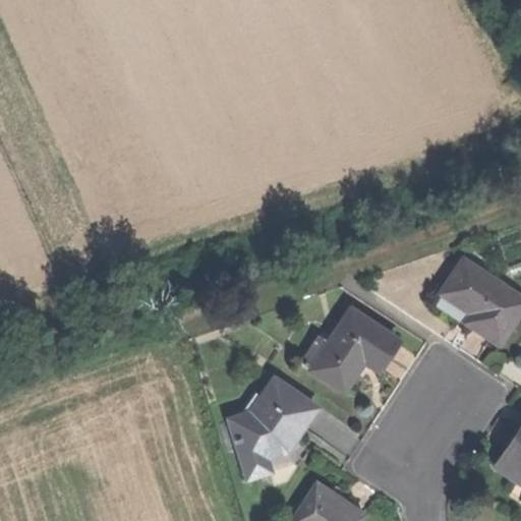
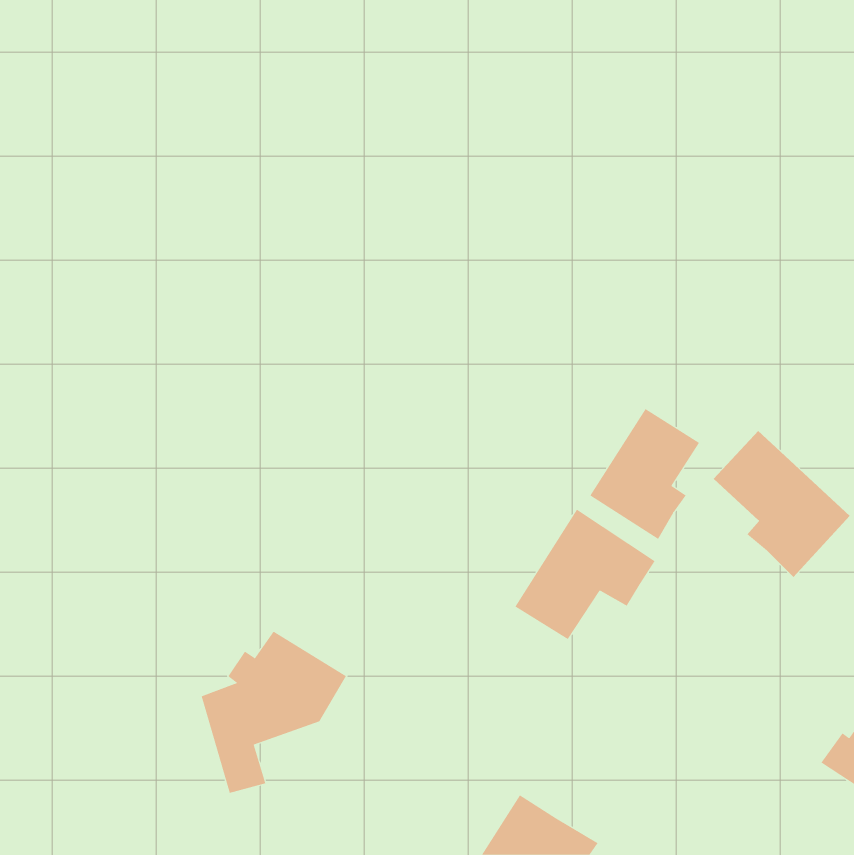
building: none -> [590,408,700,540]
building: [231,379,320,477] -> [201,631,347,794]

